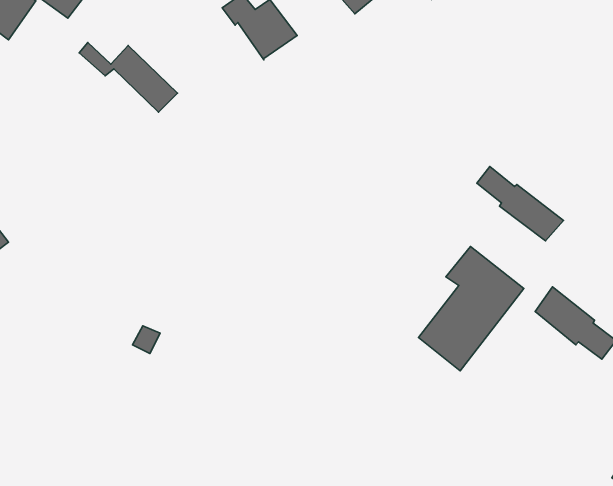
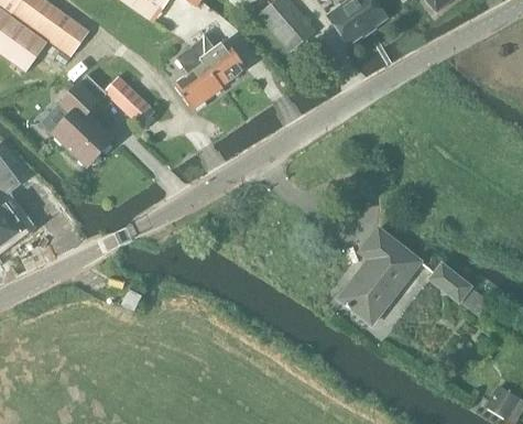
building: none -> [174,47,222,110]
building: none -> [52,80,115,166]
building: [477,166,563,241] -> none

